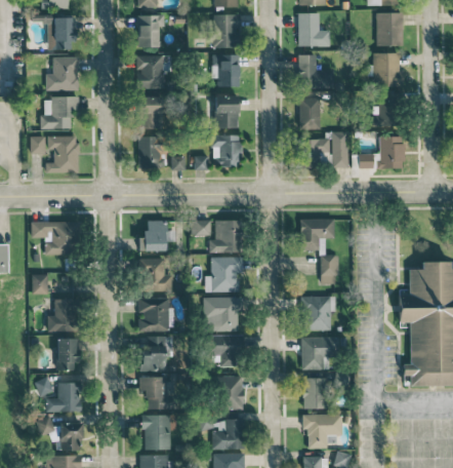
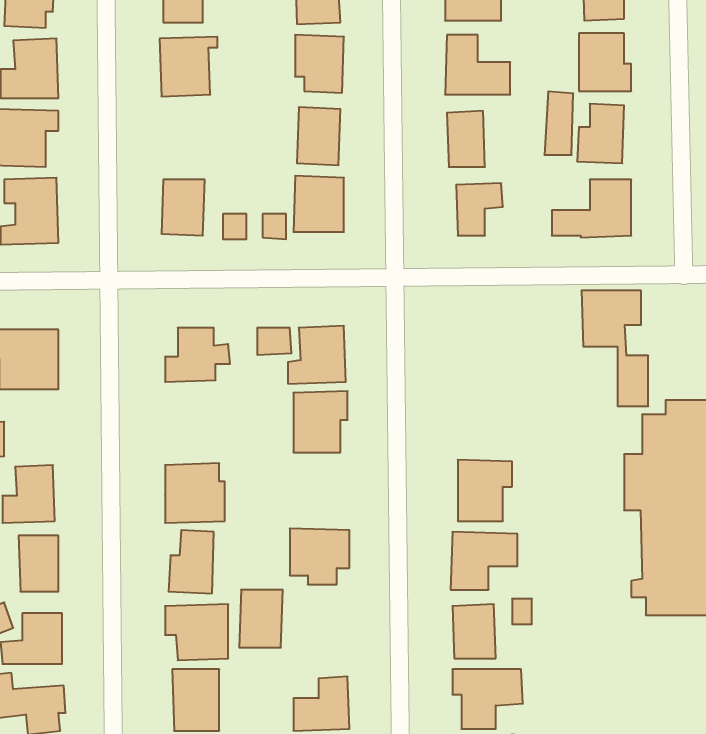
building: [137,96,163,129] -> none
building: [332,131,348,167] -> [544,92,573,155]
building: [300,219,338,284] -> [581,291,648,406]
building: [141,258,172,292] -> none
building: [210,298,242,332] -> none
building: [219,377,244,410] -> [239,590,283,648]

